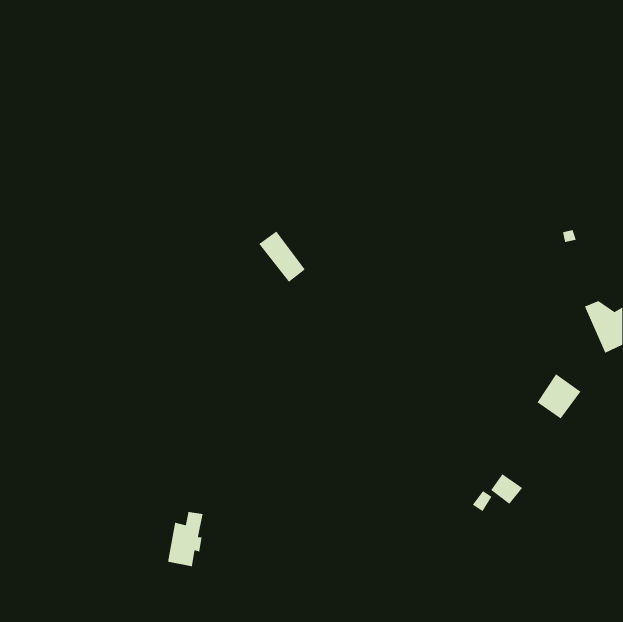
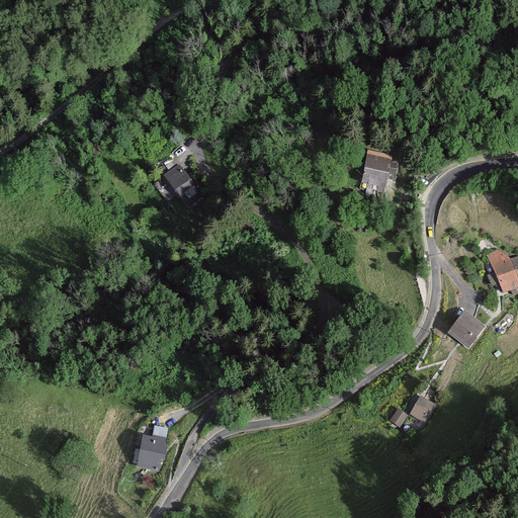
building: none -> [364,152,398,189]
building: [258,230,306,283] -> [164,165,203,208]

